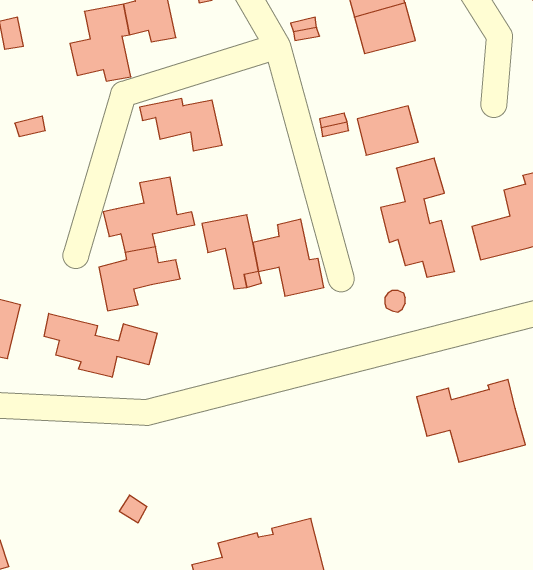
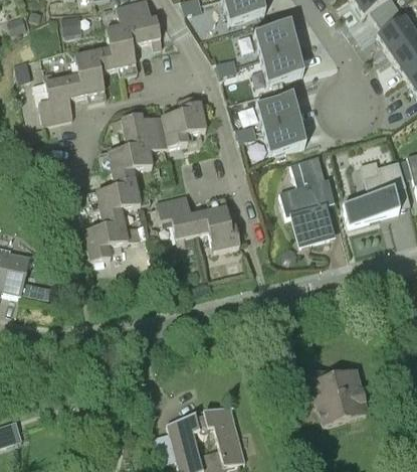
building: none -> [33,70,73,125]
building: none -> [256,94,298,129]
building: none -> [163,95,206,147]
building: none -> [99,138,153,173]
building: [44,313,157,377] -> none
building: [417,379,525,462] -> [294,367,370,425]

